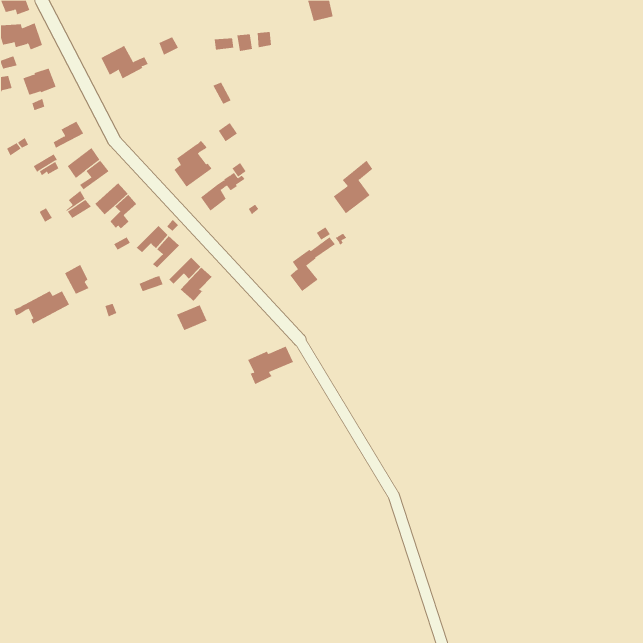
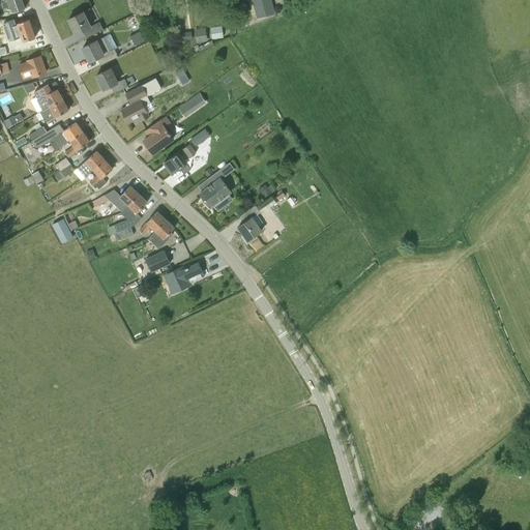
building: none -> [68,11,104,37]
building: none -> [96,68,134,93]
building: none -> [34,85,63,110]
building: none -> [121,85,149,123]
building: [333,160,373,214] -> [200,163,233,207]
building: [13,290,70,325] -> none
building: [247,346,294,385] -> [167,262,205,294]

